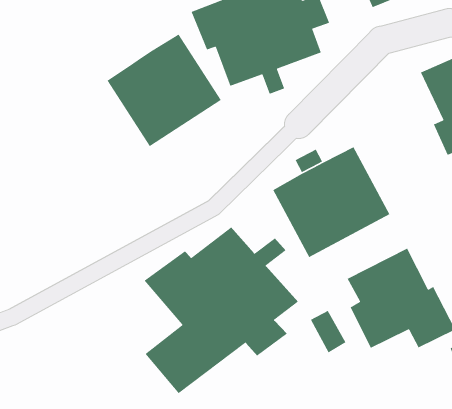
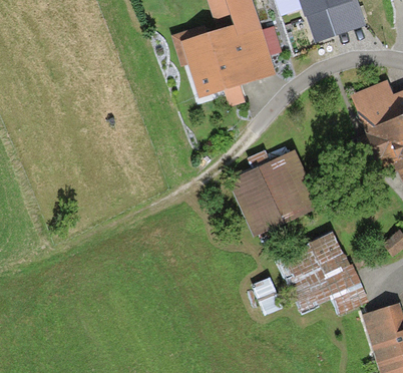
building: [107,34,222,147] -> none
building: [144,227,299,394] -> none

